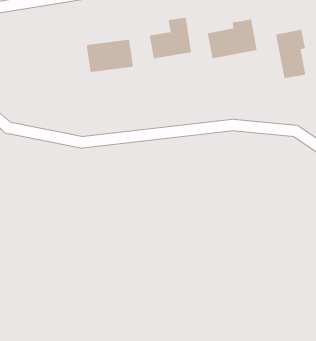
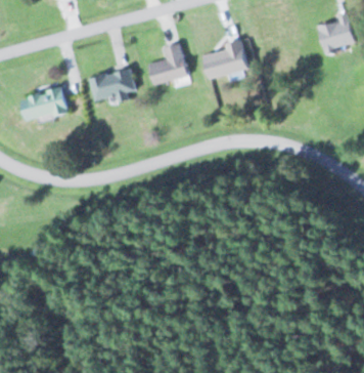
building: [275,29,306,79] -> none
building: none -> [18,88,66,122]

